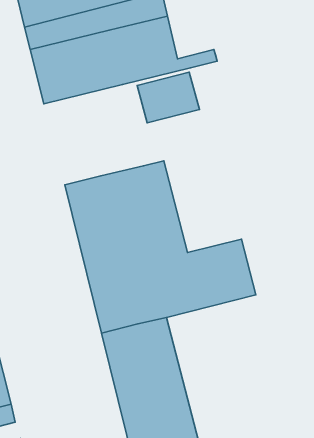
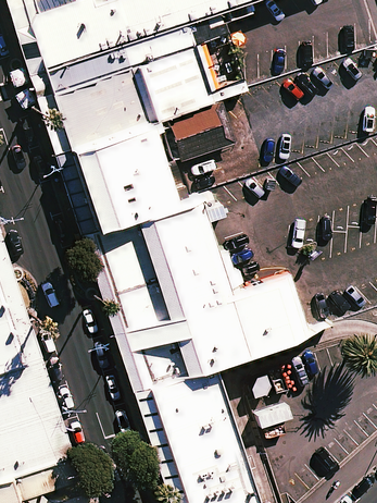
building: none -> [74,121,181,229]

